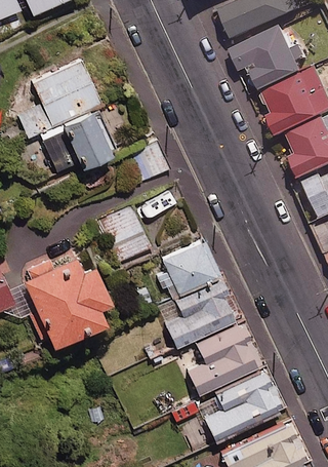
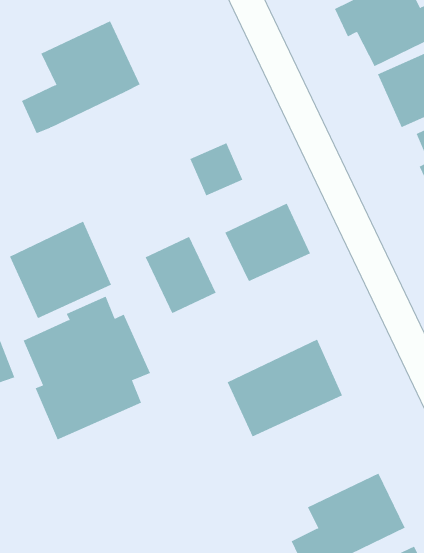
building: [37,108,108,176] -> [9,221,112,319]
building: [159,239,218,294] -> [225,203,311,282]
building: [184,322,260,395] -> none

